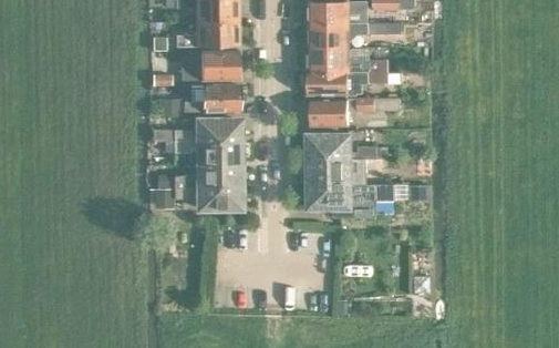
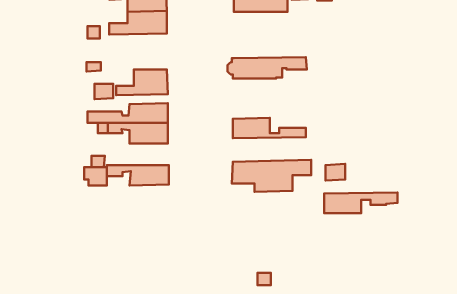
building: [310,21,387,44] -> none
building: [182,50,238,81] -> none
building: [310,51,387,72] -> none
building: [310,98,400,125] -> none
building: [309,157,387,180] -> [324,193,397,213]
building: [174,164,240,187] -> none

